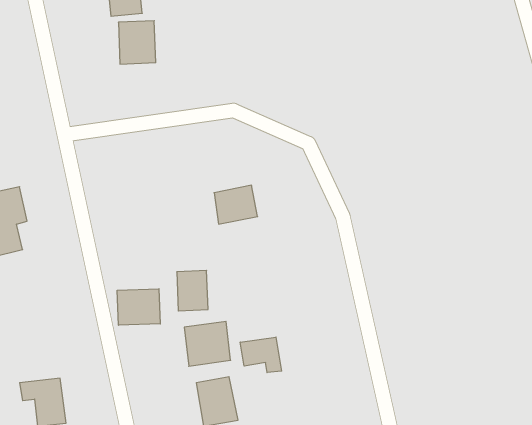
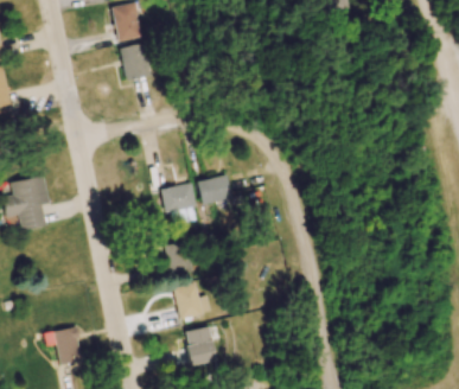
building: none -> [160,183,197,213]
building: [117,289,160,325] -> none
building: [240,337,282,373] -> none

